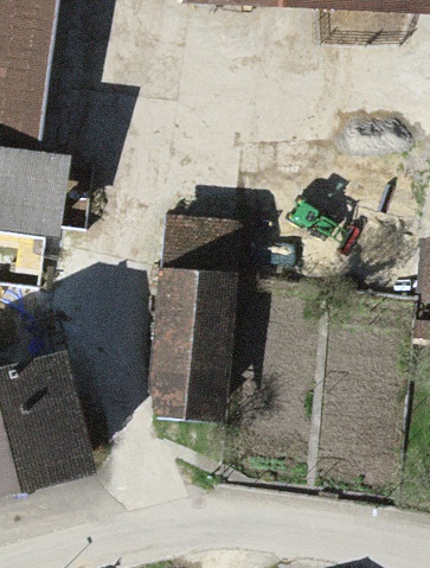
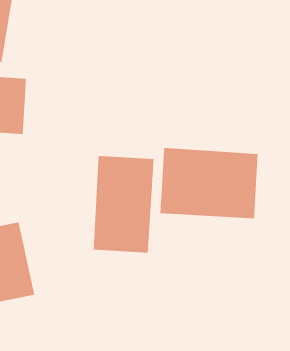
building: none -> [160,147,259,219]

